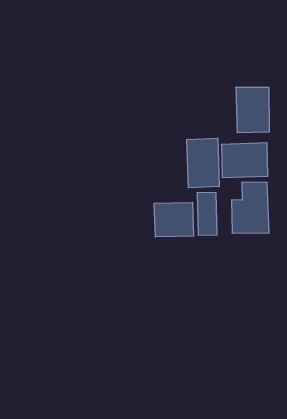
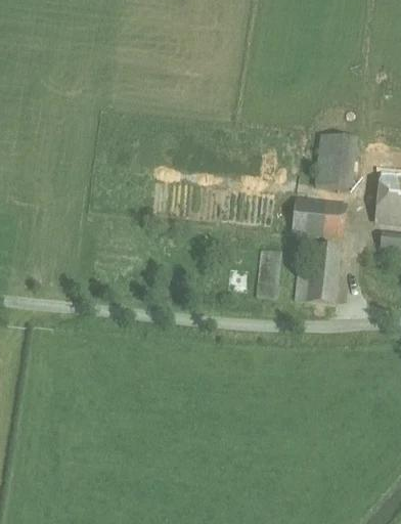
building: [187,138,219,188] -> none
building: [154,202,193,237] -> none

